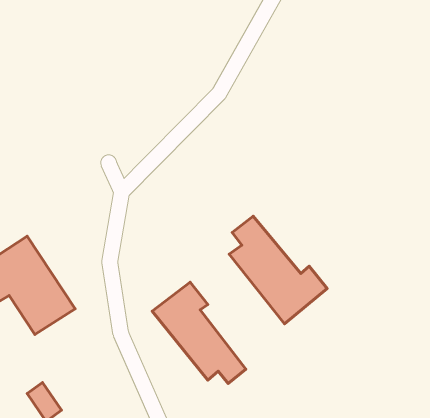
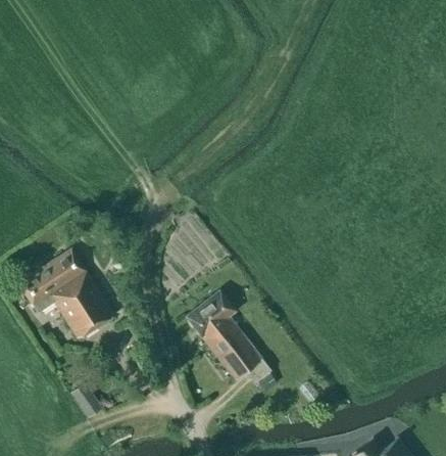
building: [229,216,327,324] -> none

